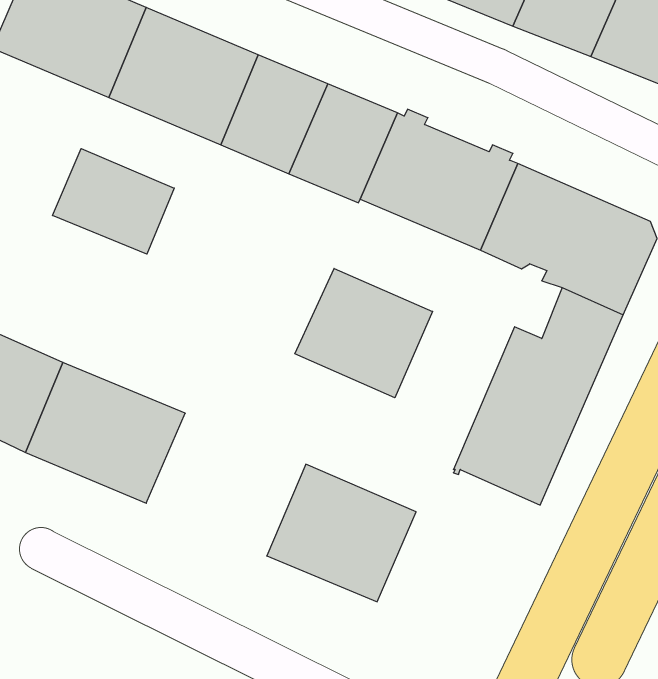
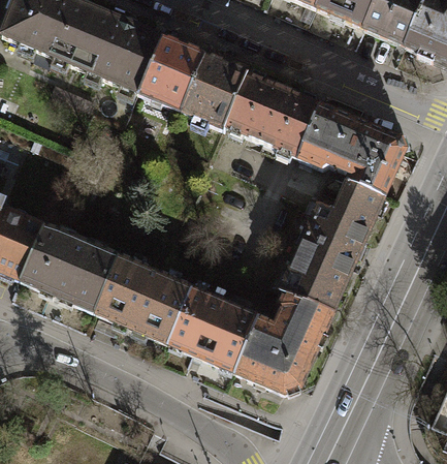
building: [53,149,174,254] -> none
building: [295,268,433,398] -> none
building: none -> [92,254,189,341]
building: none -> [232,288,331,392]

